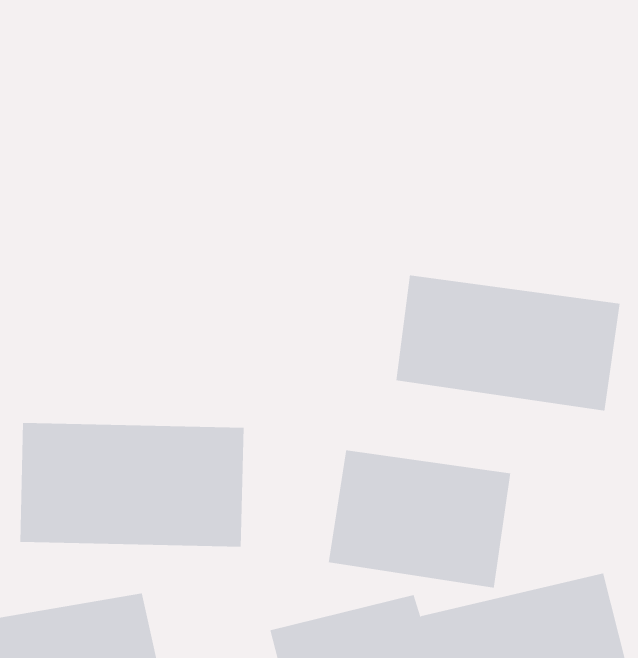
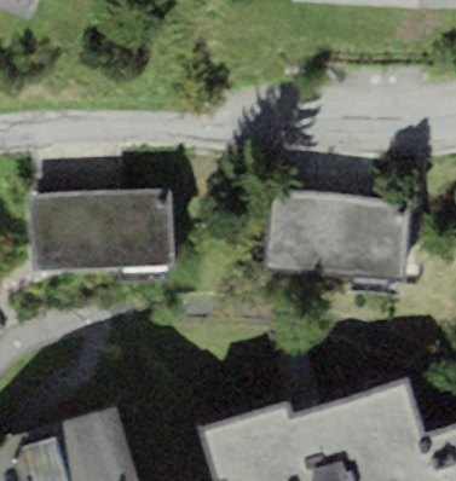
building: [19,423,244,547] -> [33,189,177,270]
building: [328,450,511,588] -> none

